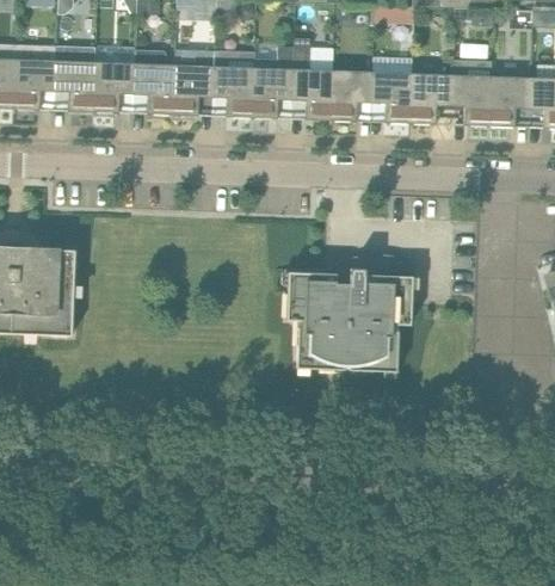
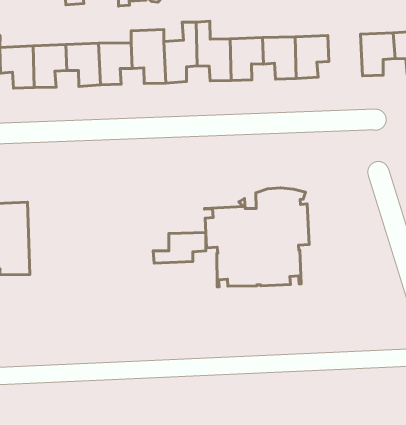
building: [450,58,492,125] -> none
building: none -> [153,232,206,263]

